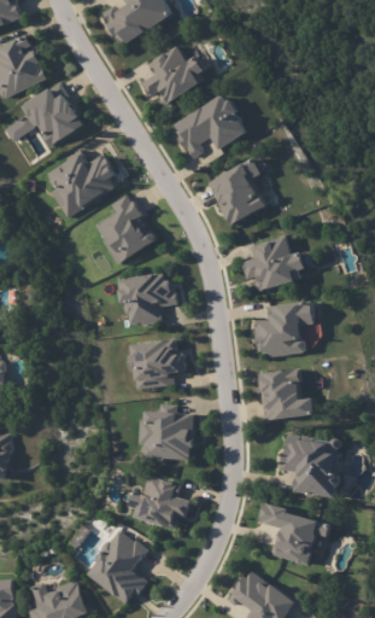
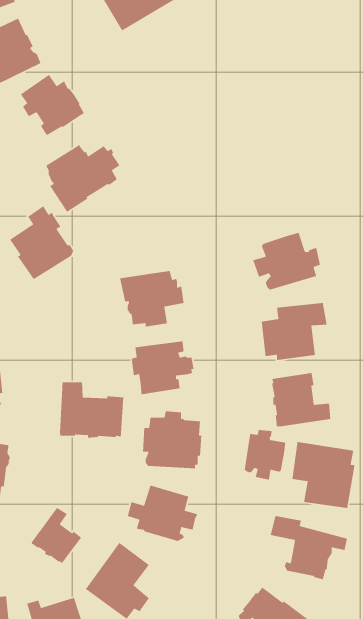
building: [142,47,206,104] -> none
building: [178,92,250,157] -> none
building: [210,156,269,225] -> none
building: [96,193,158,264] -> [9,205,74,280]
building: none -> [59,382,124,438]
building: none -> [244,429,286,481]
building: none -> [30,507,82,565]

